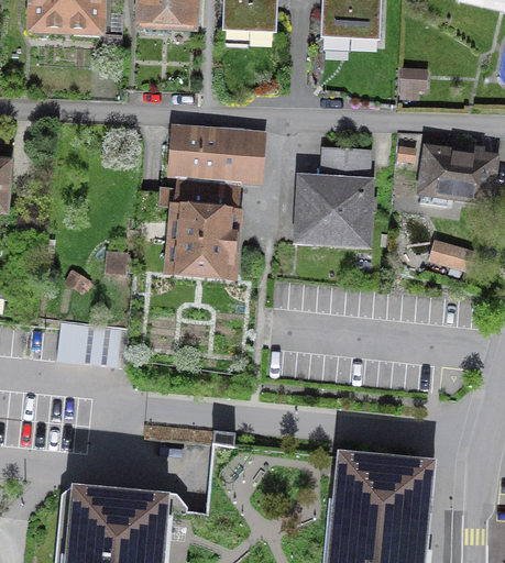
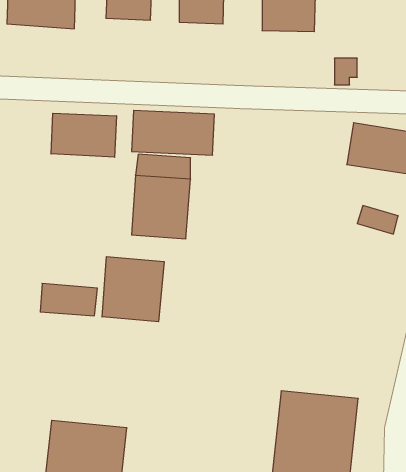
building: none -> [51,113,116,157]
building: [292,148,375,246] -> none
building: none -> [102,257,164,322]

